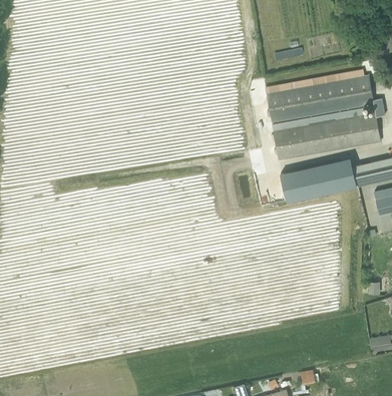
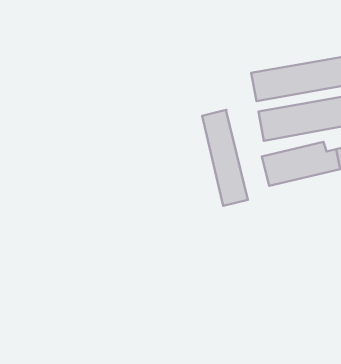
building: none -> [202,110,248,206]

